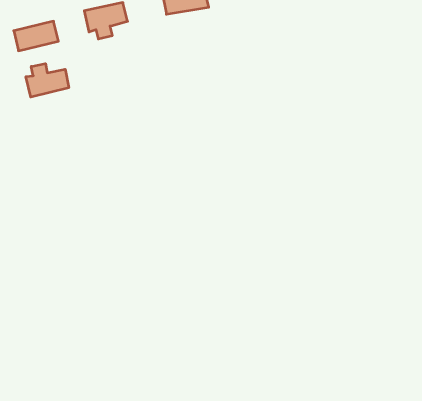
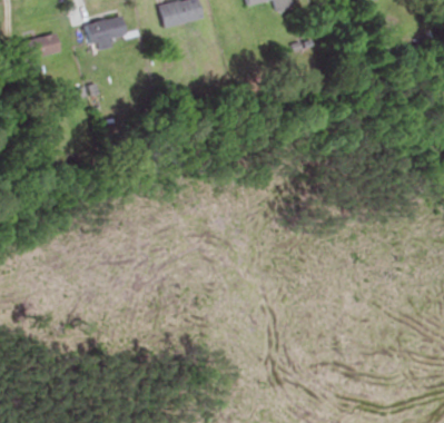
building: [26,64,69,97] -> none

